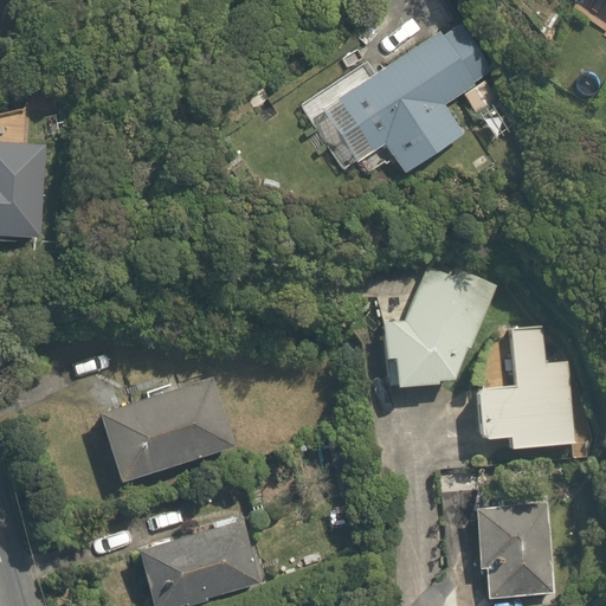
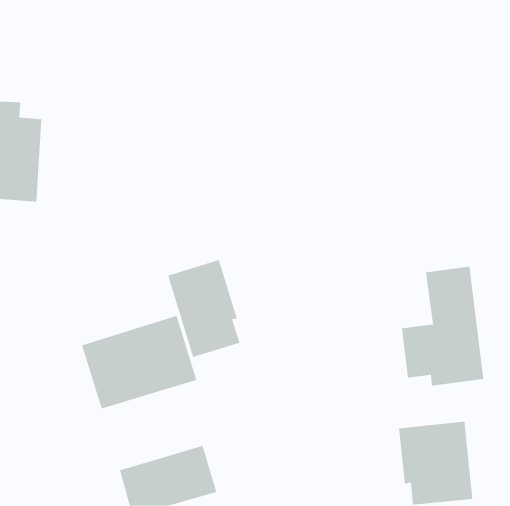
building: [301,24,488,174] -> none
building: [383,262,499,395] -> none
building: none -> [167,259,240,358]

